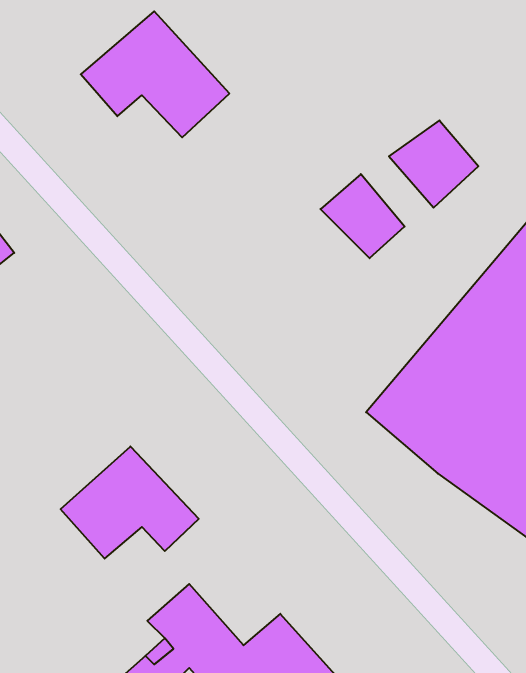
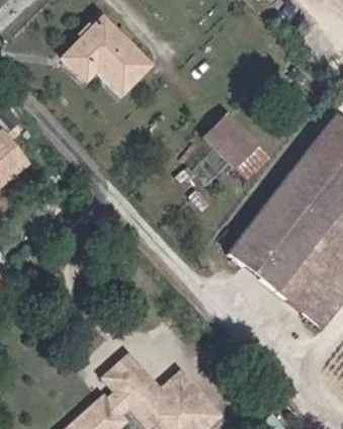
building: [389,120,478,208] -> none
building: [61,446,199,559] -> none

